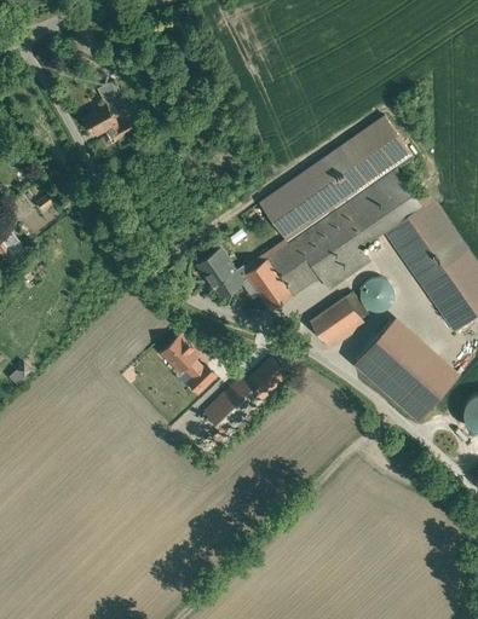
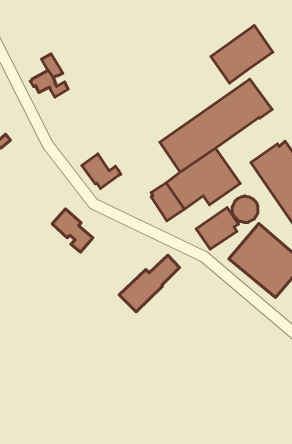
building: [335,169,420,248] -> [211,26,273,83]
building: [196,249,249,296] -> [82,154,121,188]
building: [162,335,218,394] -> [52,209,93,252]

